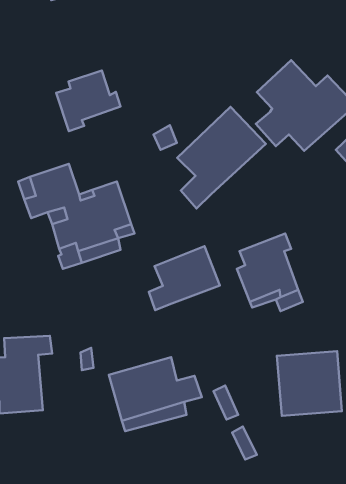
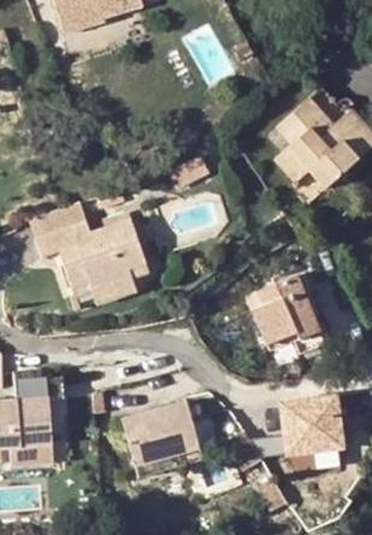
building: [56,70,121,131] -> none
building: [177,107,266,209] -> none
building: [149,246,220,310] -> none

